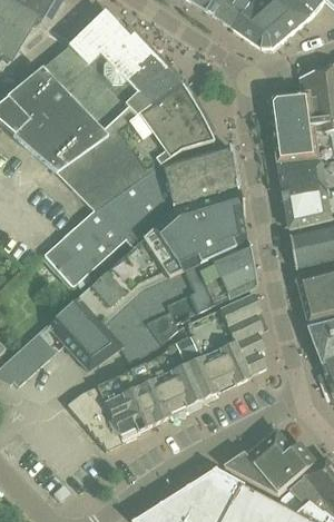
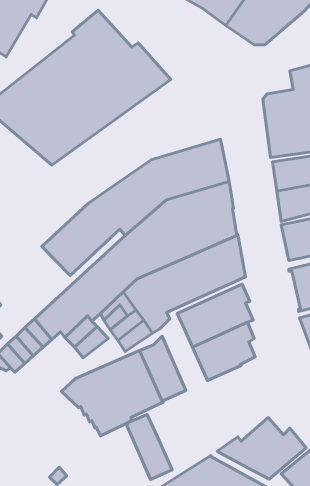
building: [56,83,213,210] -> none
building: [169,336,216,403] -> [127,415,172,480]

